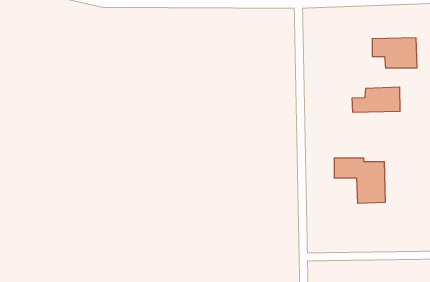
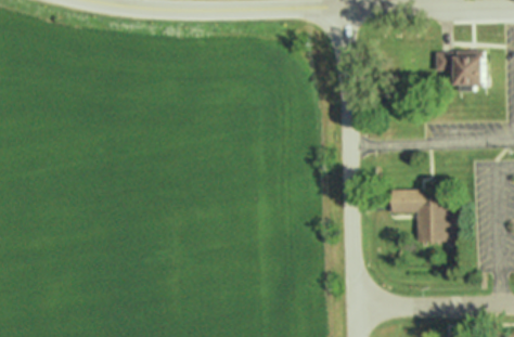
building: [352,87,400,112] -> none

